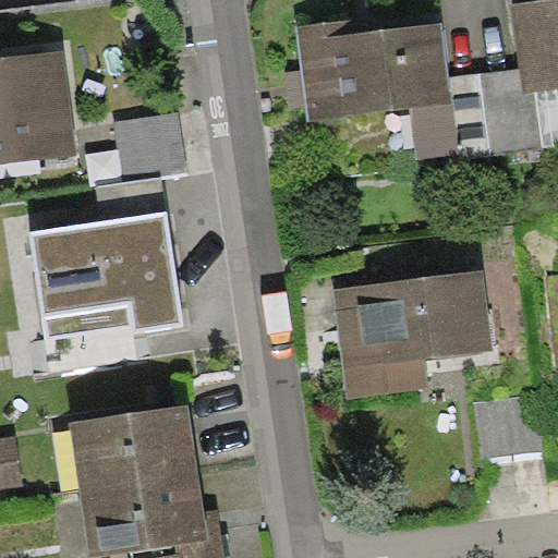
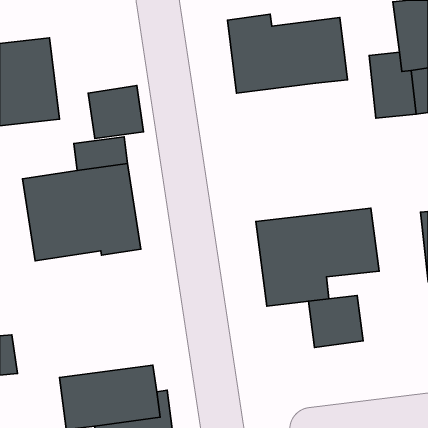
building: [410,73,488,162] -> none
building: [473,392,544,460] -> [309,295,363,347]
building: [69,405,198,492] -> none

